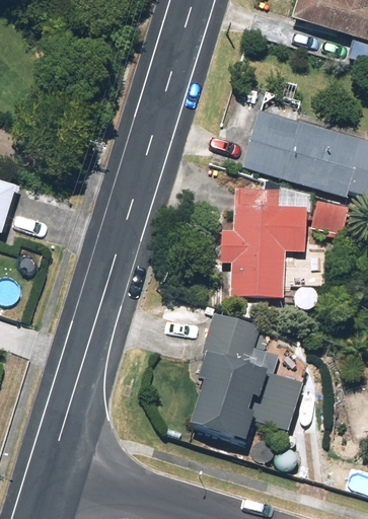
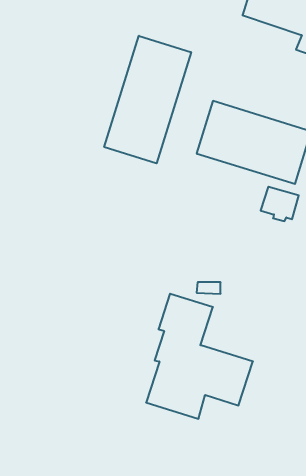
building: none -> [104,36,191,163]
building: [220,187,307,296] -> none

